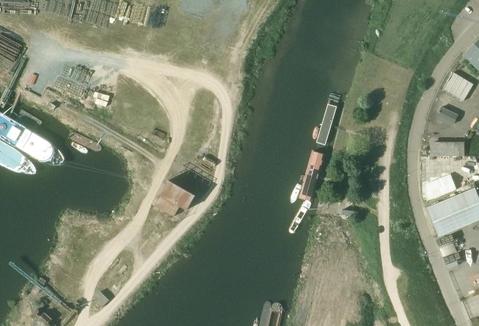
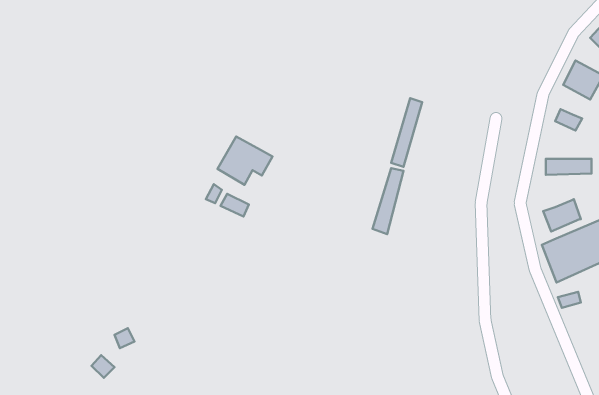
building: [154,180,195,216] -> [218,136,273,185]

